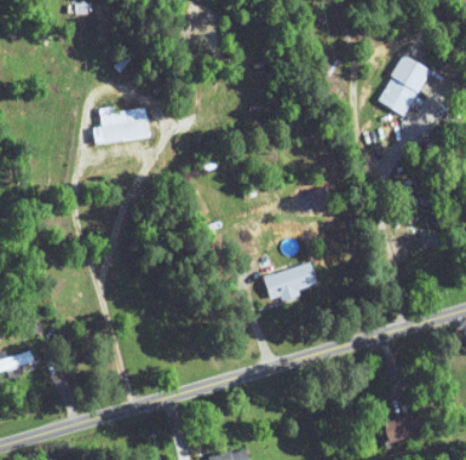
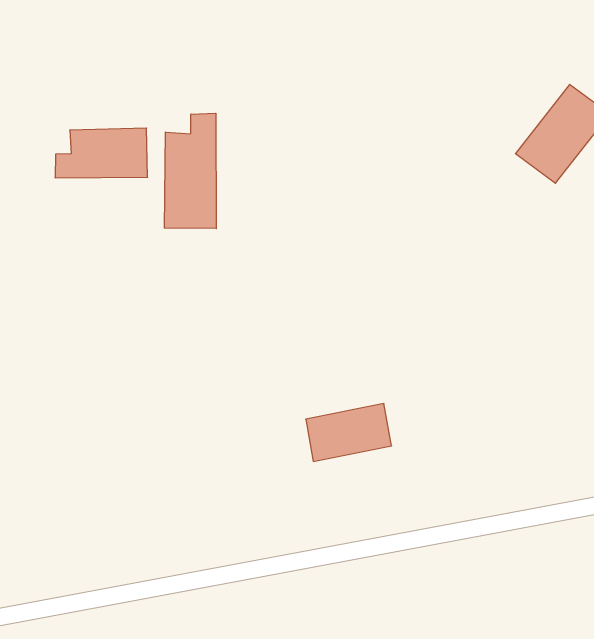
building: none -> [164,113,216,229]

